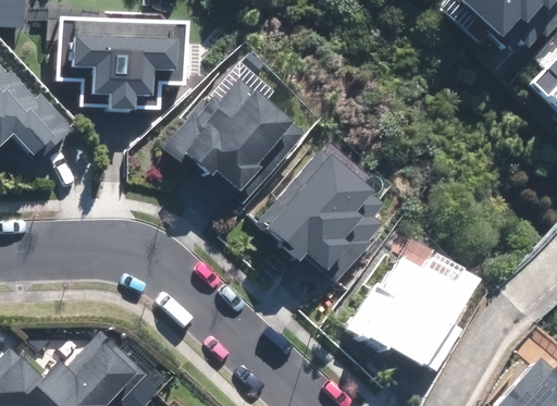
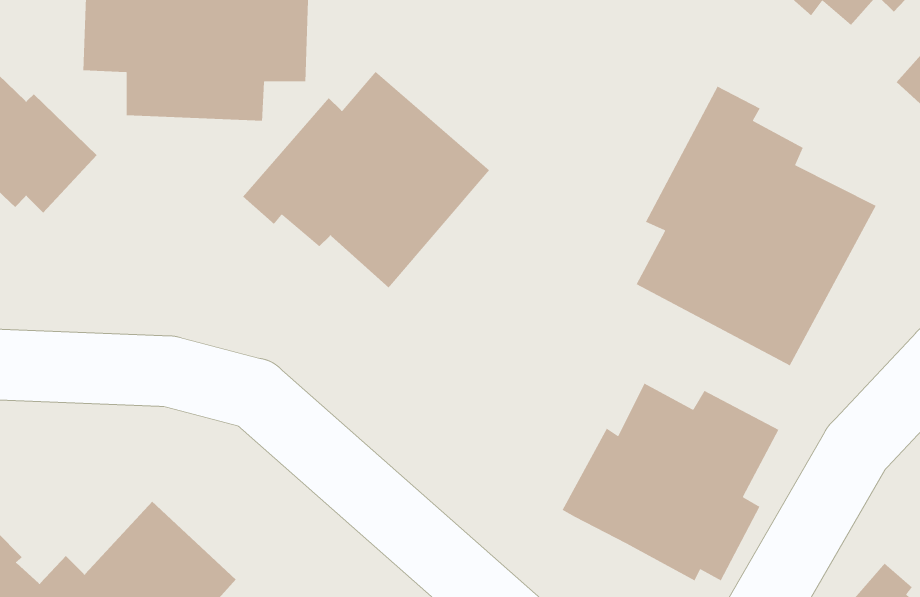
building: none -> [635,86,877,367]
building: [250,152,384,286] -> none

